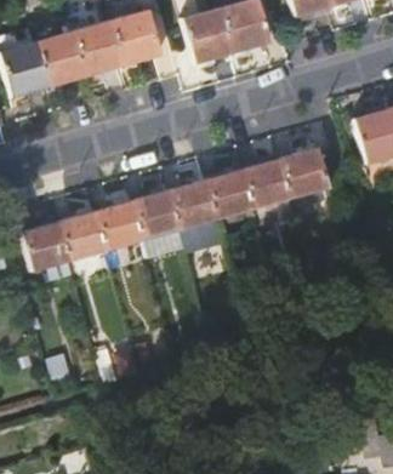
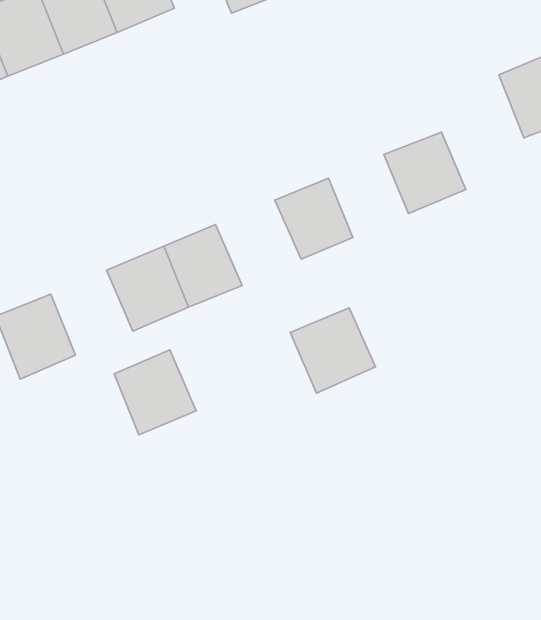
building: [243,160,290,210] -> none
building: [169,181,220,232] -> [290,308,376,393]
building: [61,212,109,263] -> [114,350,196,435]

